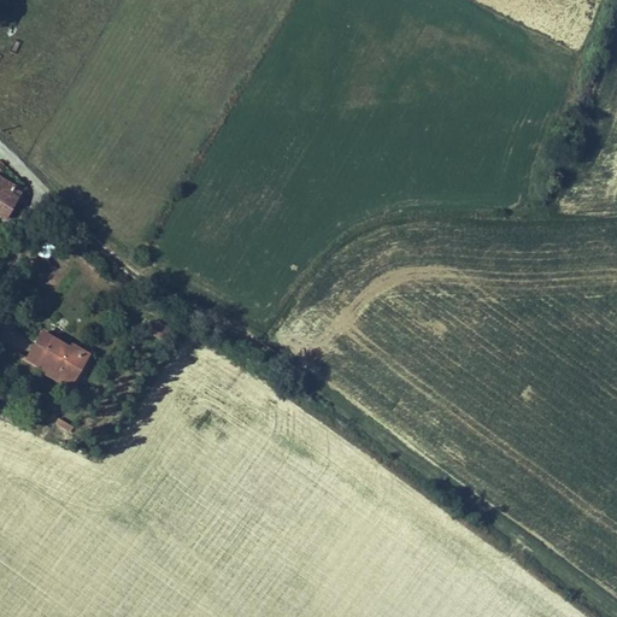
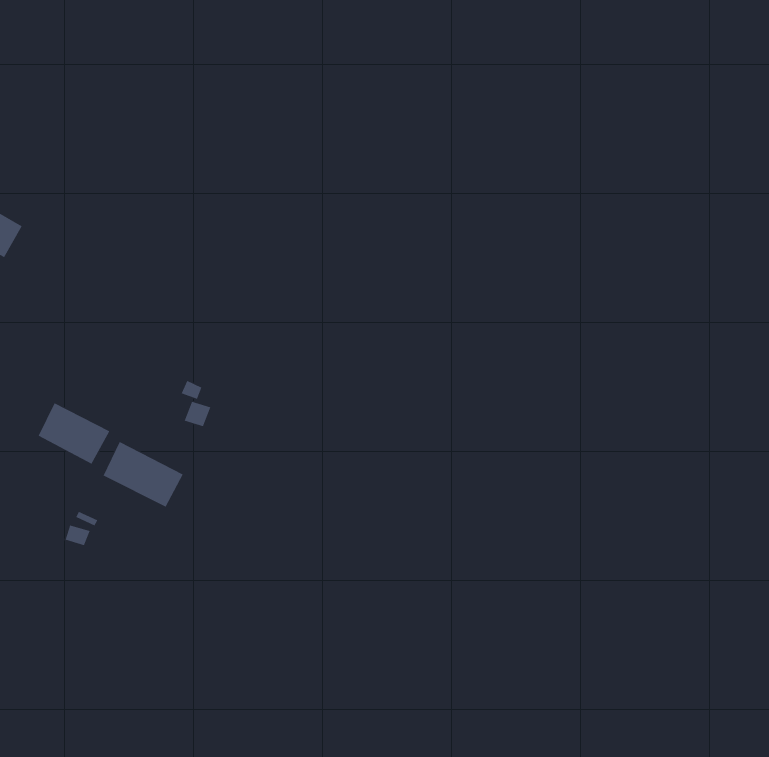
building: none -> [103,441,184,508]

